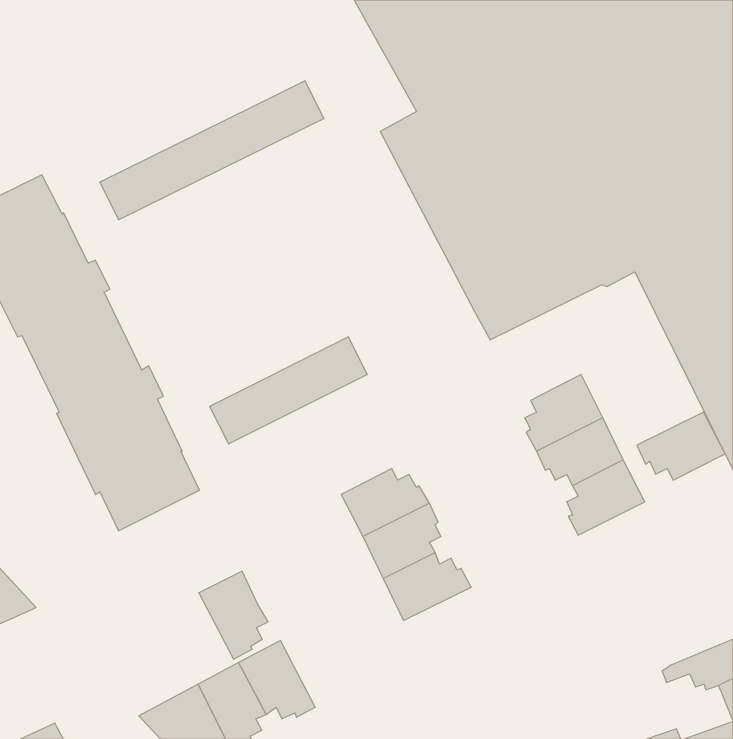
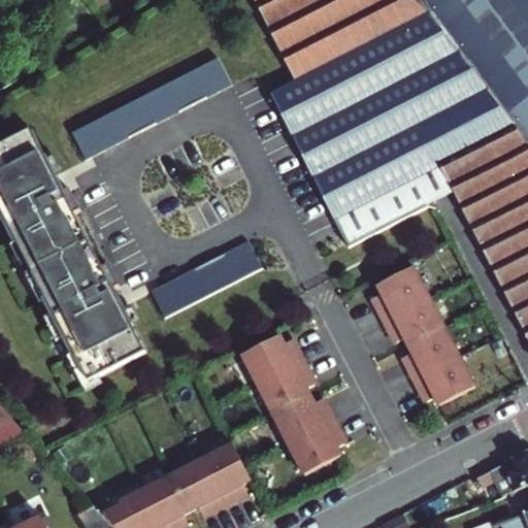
building: [637,412,725,480] -> [412,358,475,406]
building: [199,571,268,659] -> [200,441,250,504]
building: none -> [288,419,343,472]

